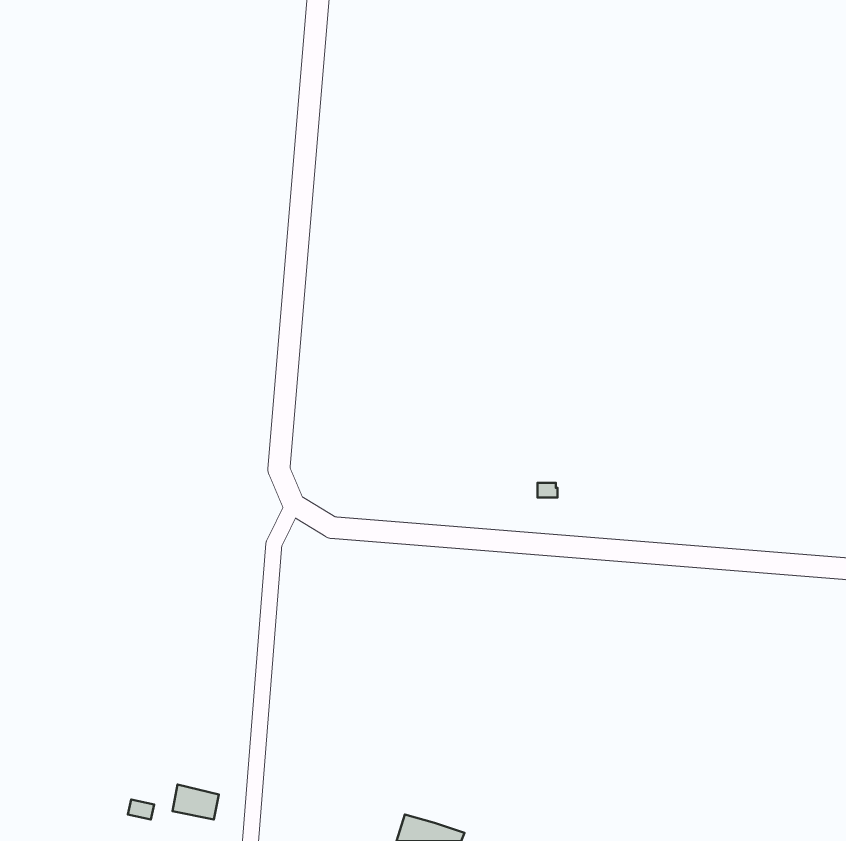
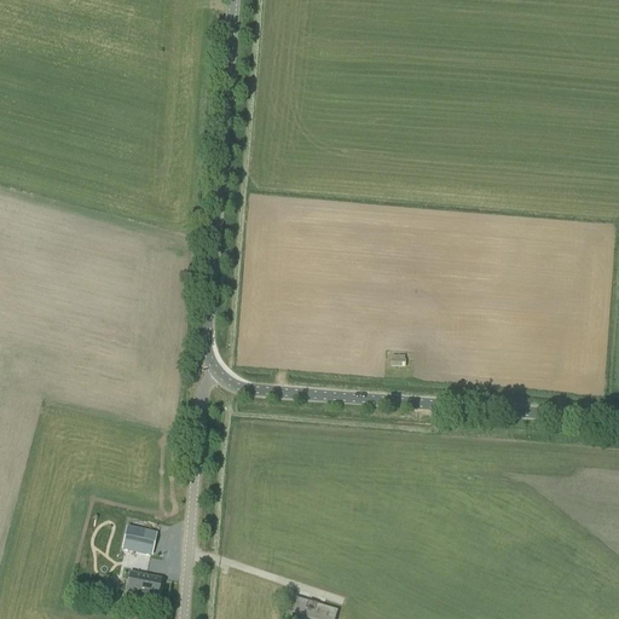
building: none -> [122,525,157,555]

